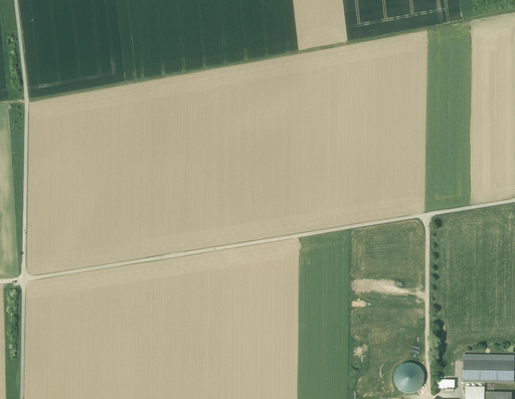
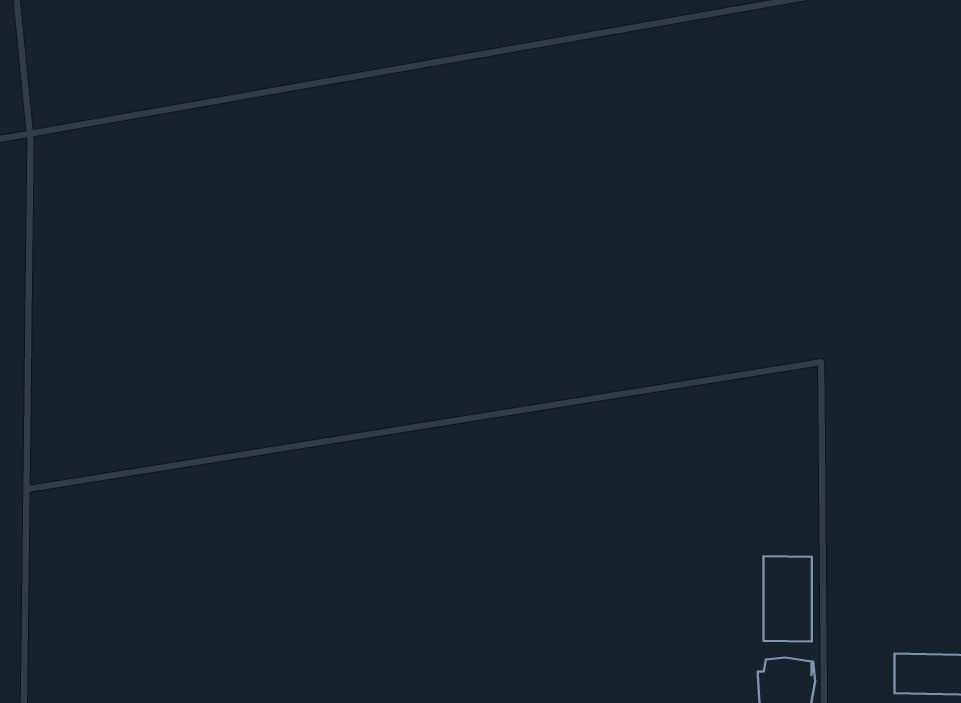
building: none -> [763,556,812,641]

